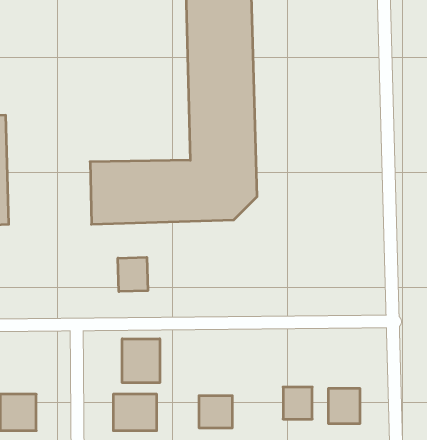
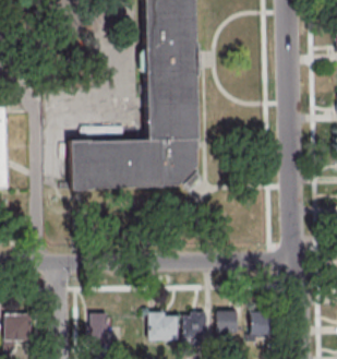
building: [118,257,148,292] -> none
building: [122,339,160,383] -> none
building: none -> [182,311,207,339]

